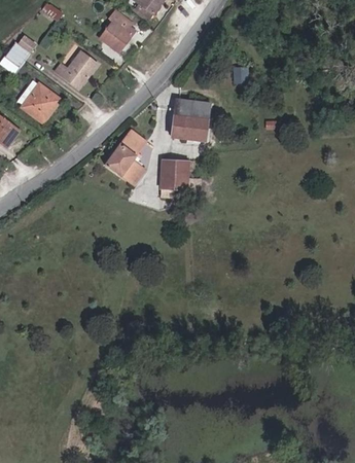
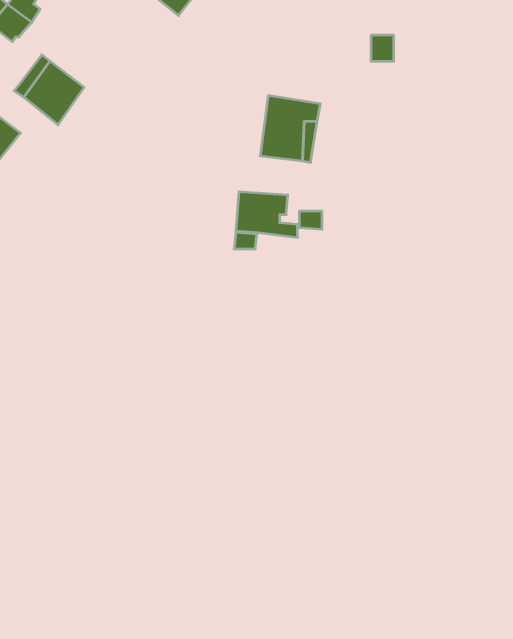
building: [57,50,97,85] -> none
building: [107,132,148,185] -> none

